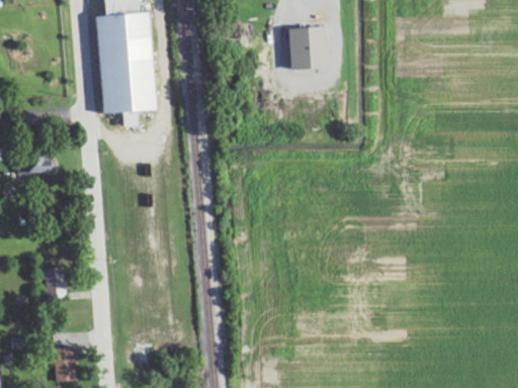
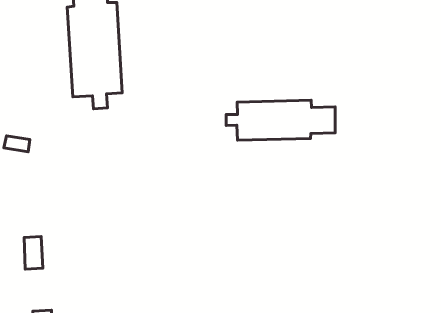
building: [289,26,327,69] -> none
building: none -> [226,100,335,140]

